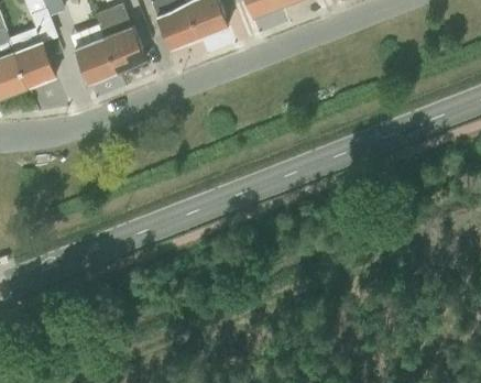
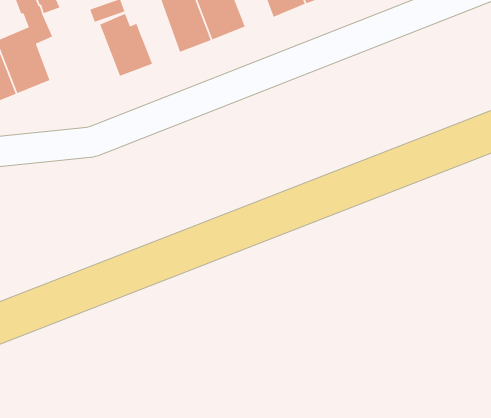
building: [70,24,117,83] -> none

